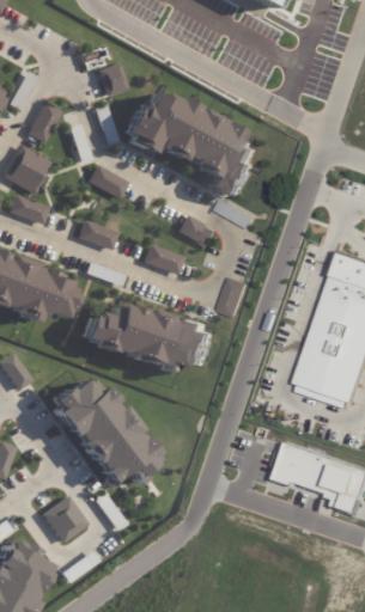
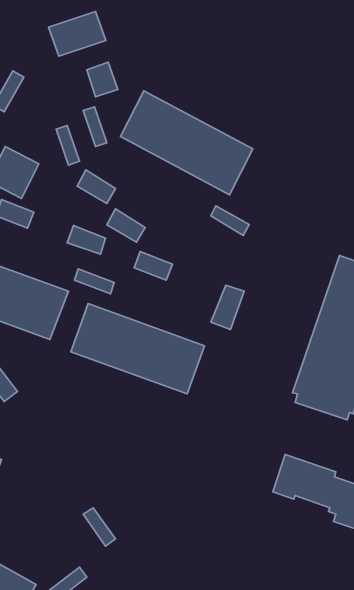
building: none -> [48,11,106,56]
building: [28,100,63,143] -> none
building: [182,214,219,246] -> [107,209,145,242]
building: [50,369,156,486] -> none
building: [43,495,90,541] -> none

